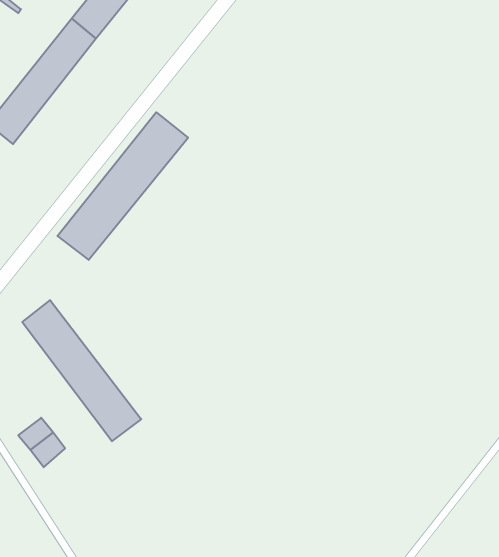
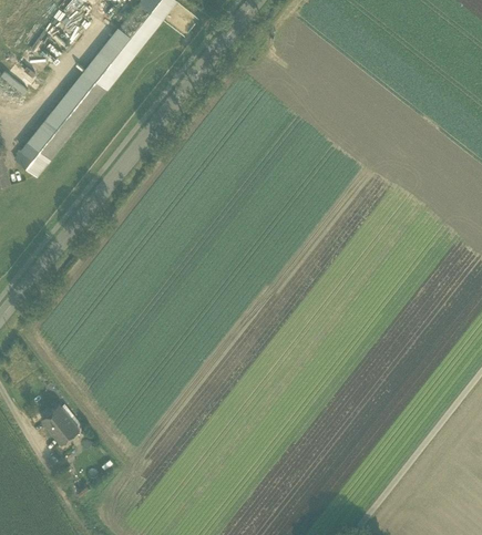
building: [57,112,188,260] -> none
building: [22,300,141,441] -> none

